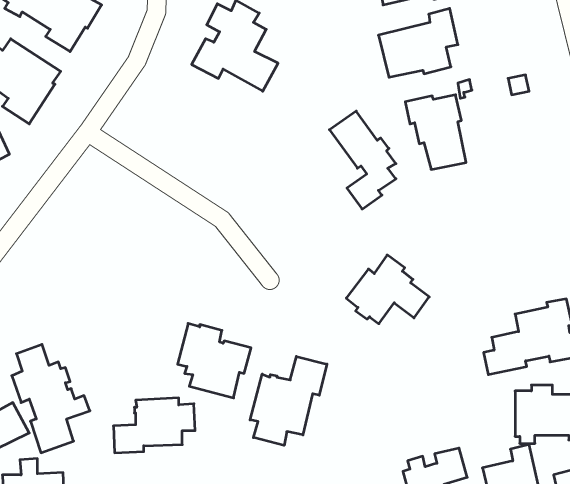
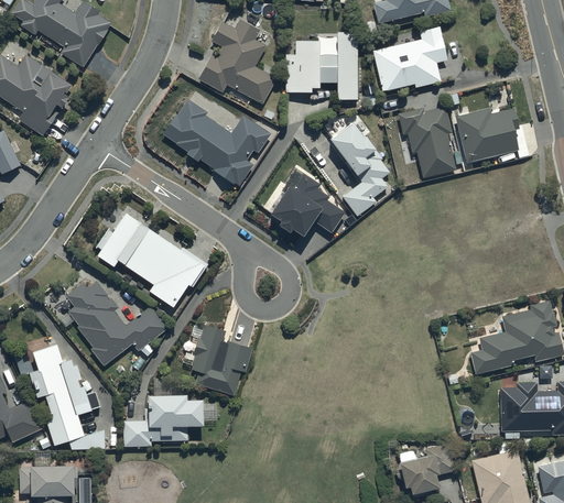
building: none -> [284,33,358,100]
building: none -> [162,99,270,187]
building: none -> [456,109,519,162]
building: none -> [96,214,205,307]
building: [346,255,429,324] -> [265,174,344,239]
building: none -> [58,282,167,365]
building: [250,356,327,445] -> none

